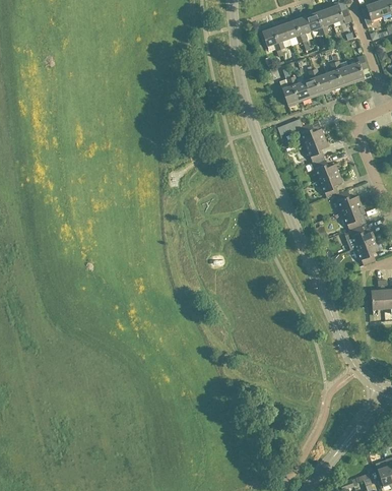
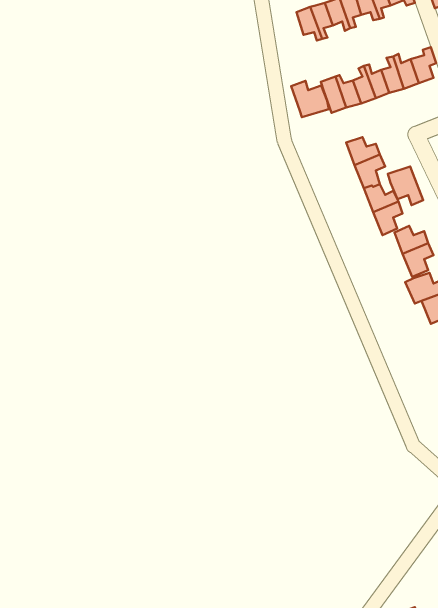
building: none -> [291,81,329,117]
building: none -> [388,166,423,205]

